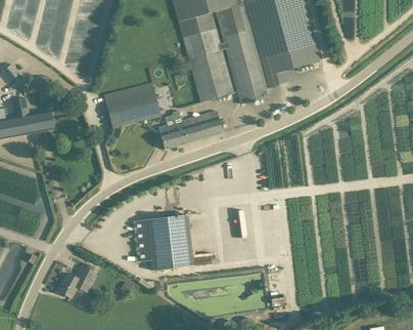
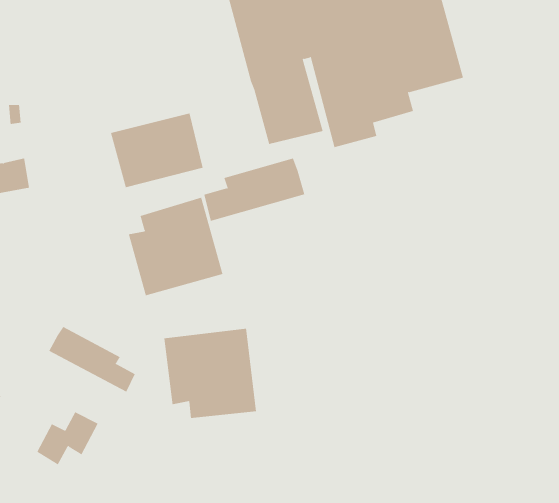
building: none -> [128,197,223,296]
building: none -> [48,326,136,392]

